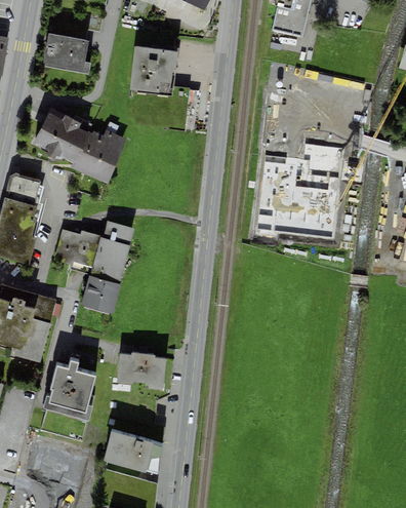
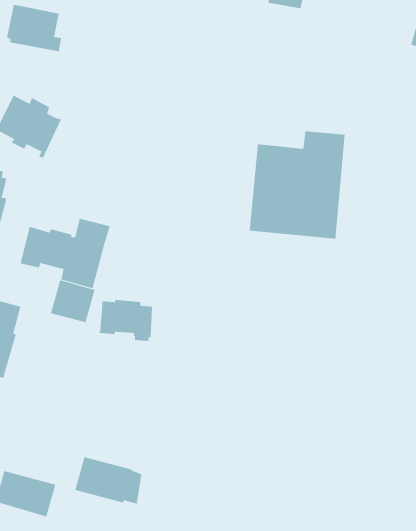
building: [130,46,177,93] -> none
building: [75,128,127,183] -> none
building: [117,352,165,389] -> [98,300,153,341]
building: [43,360,96,420] -> none

